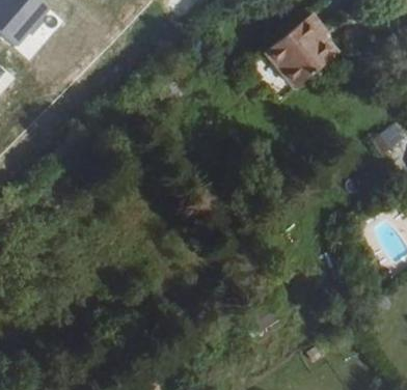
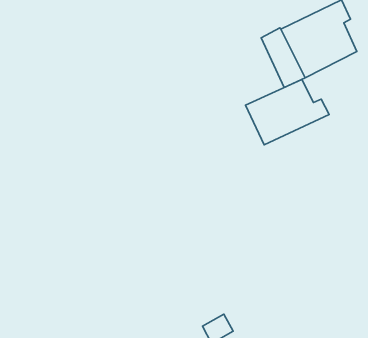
building: none -> [246,80,329,145]

